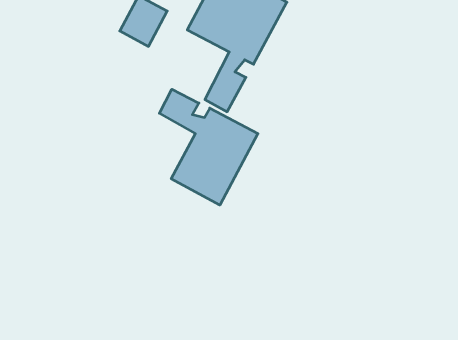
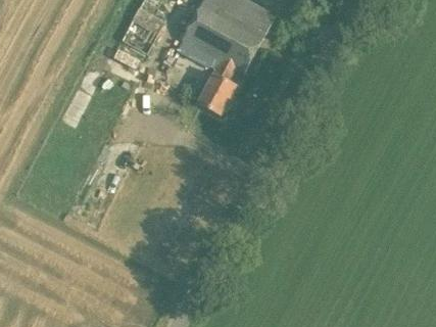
building: [159,89,258,205] -> none

